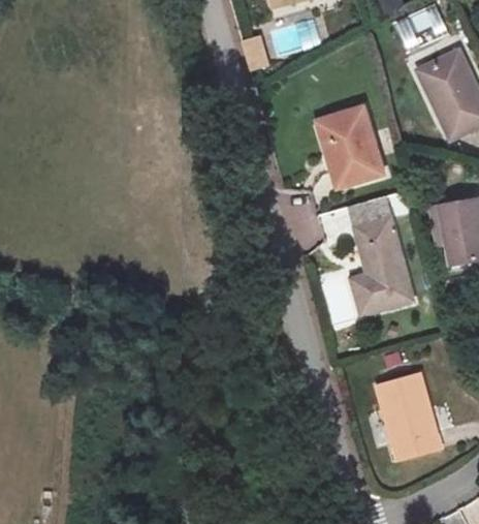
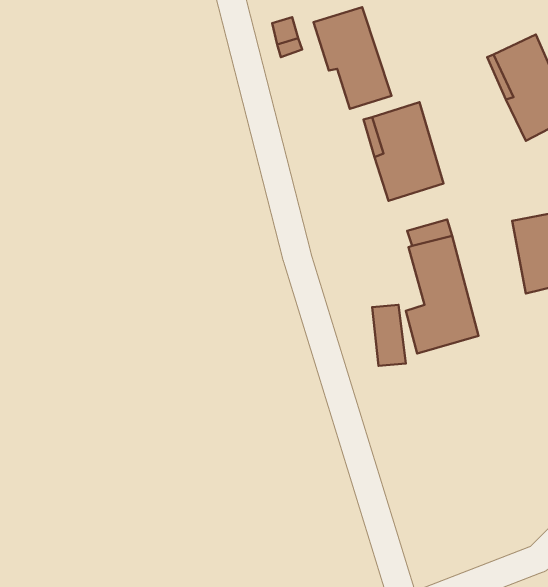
building: none -> [314,7,392,109]
building: [377,373,441,459] -> none

